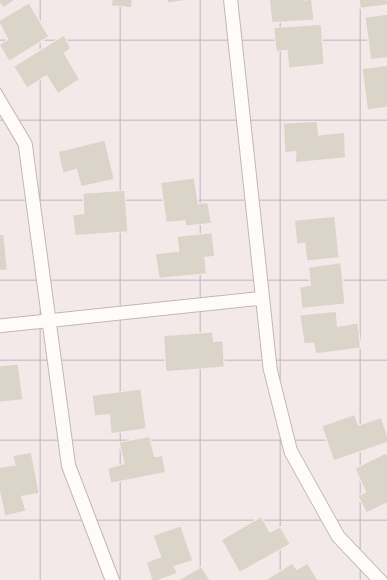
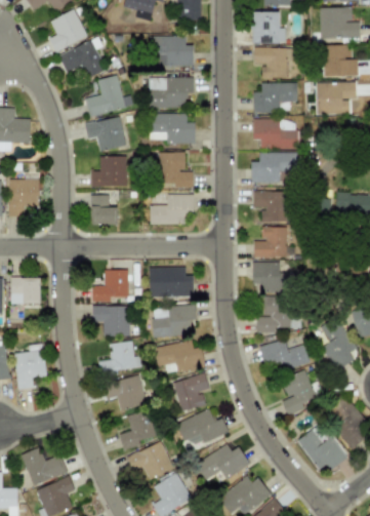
building: none -> [151,35,194,67]
building: none -> [253,82,290,112]
building: none -> [149,77,194,107]
building: none -> [85,75,132,116]
building: none -> [150,113,195,144]
building: none -> [251,152,298,183]
building: none -> [91,194,117,224]
building: none -> [92,269,128,302]
building: none -> [258,296,290,332]
building: none -> [153,306,196,336]
building: none -> [155,340,205,371]
building: none -> [173,372,209,410]
building: none -> [104,374,147,409]

